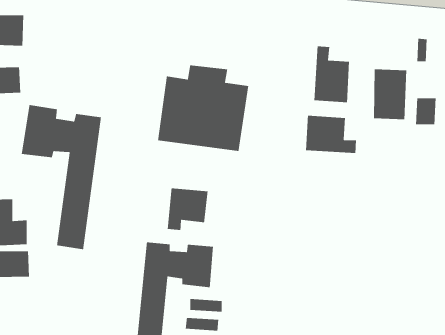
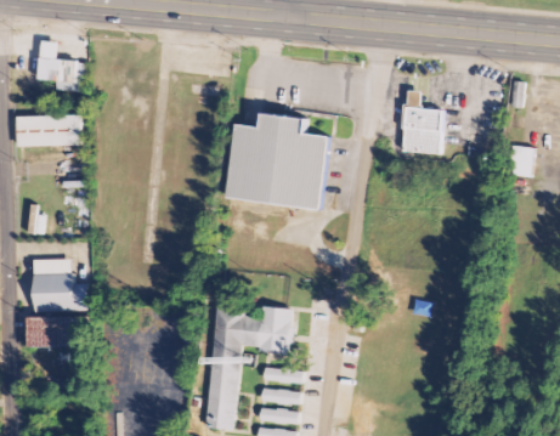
building: [373,69,407,120] -> none
building: [21,104,102,250] -> none
building: [305,115,357,154] -> none
building: [167,187,208,231] -> none

